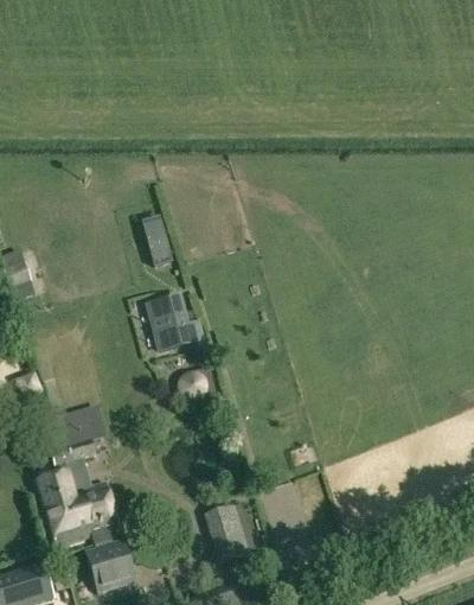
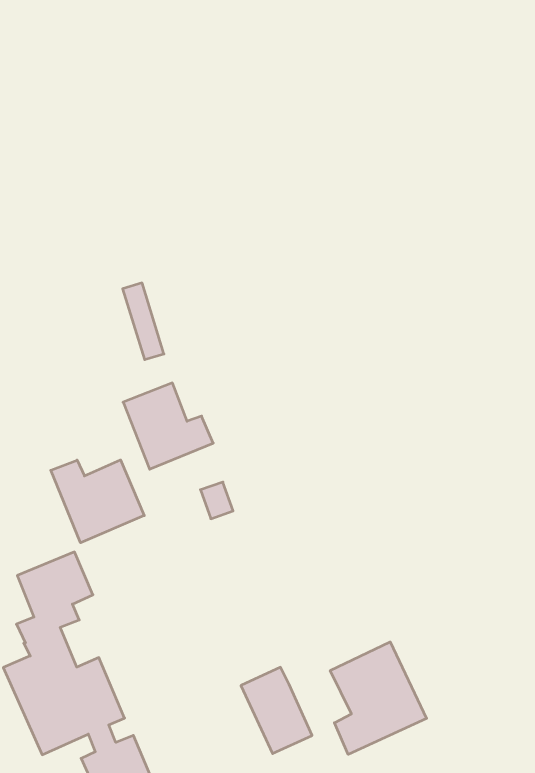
building: none -> [51,460,144,543]
building: none -> [330,642,427,754]

